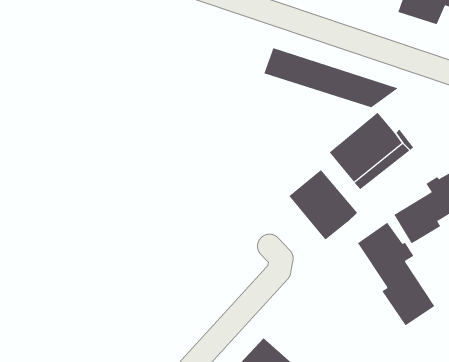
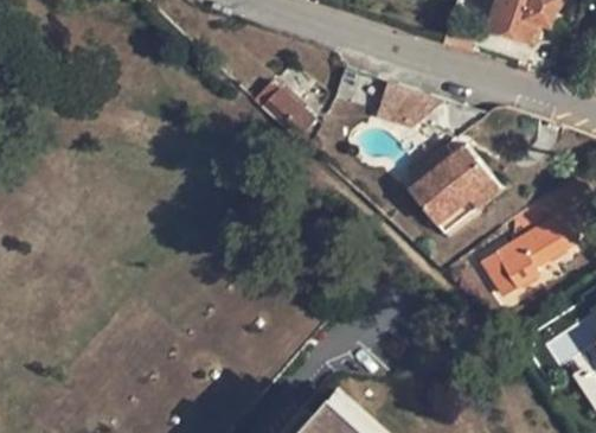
building: none -> [254,83,313,140]
building: [289,169,358,240] -> none
building: [357,222,435,326] -> none

